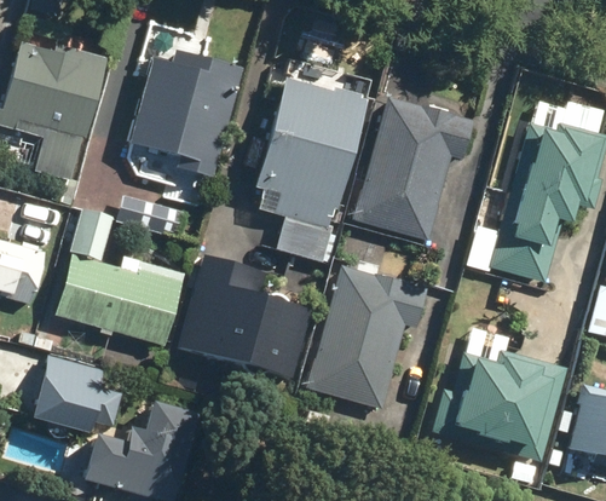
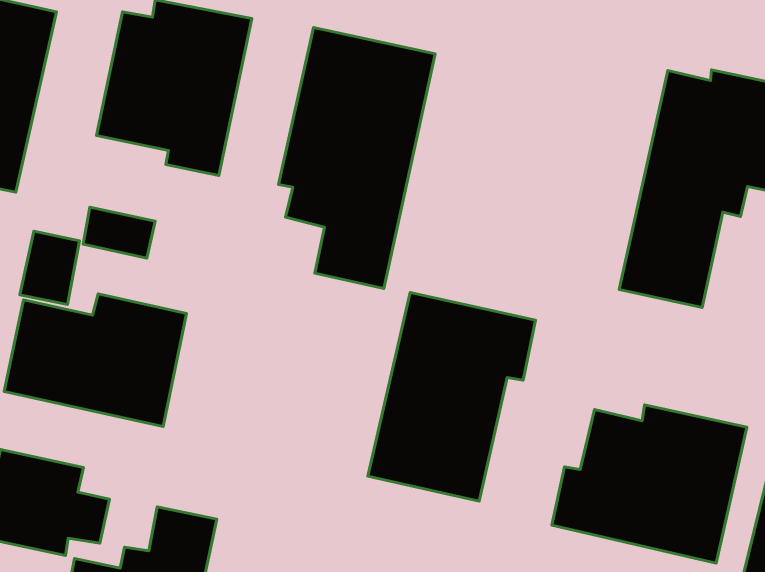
building: [351,93,475,241] -> none
building: [177,252,313,381] -> none

